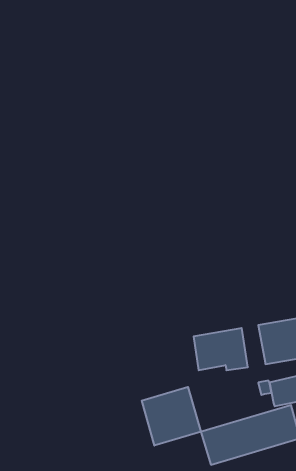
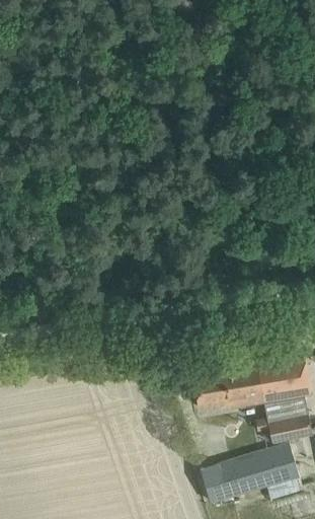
building: none -> [241,366,264,407]
building: [142,387,201,446] -> none

